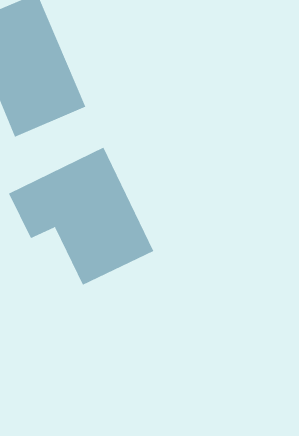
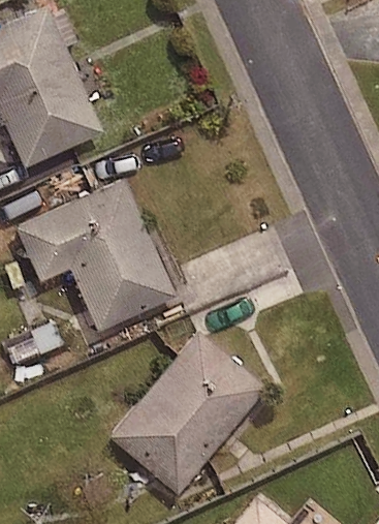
building: none -> [110,332,266,493]

